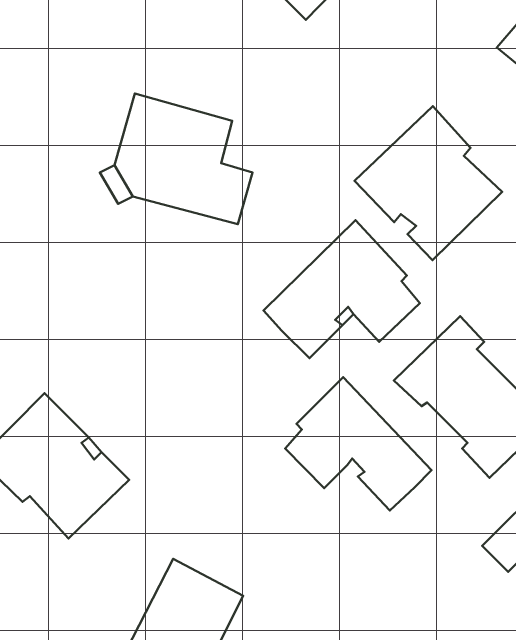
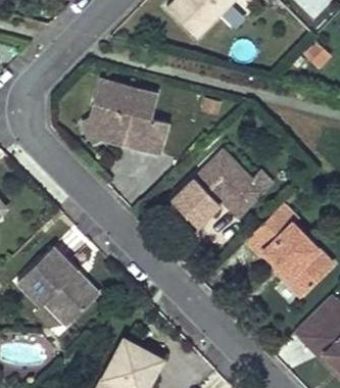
building: [355,106,502,260] -> none
building: [285,377,431,510] -> none

